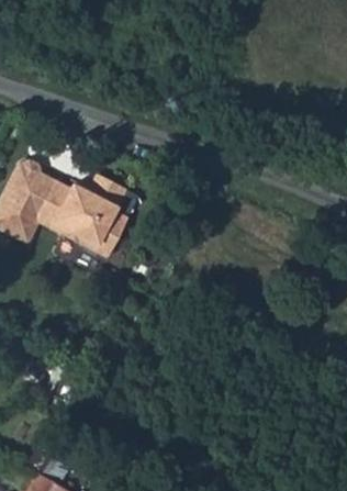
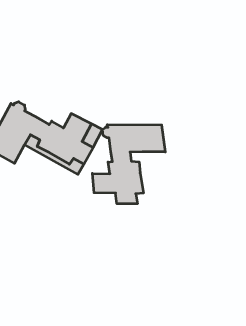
building: none -> [92,125,165,204]

